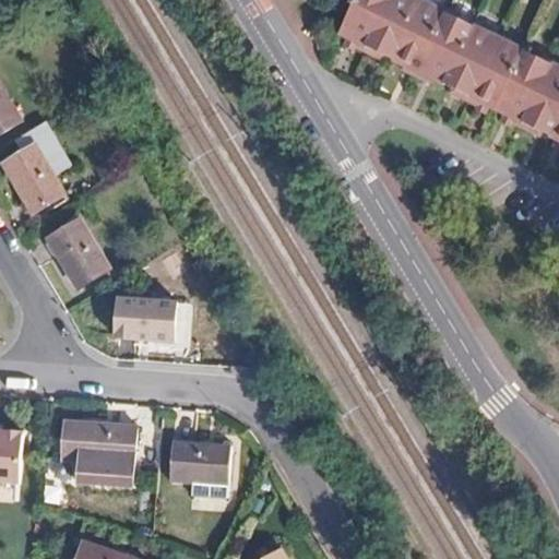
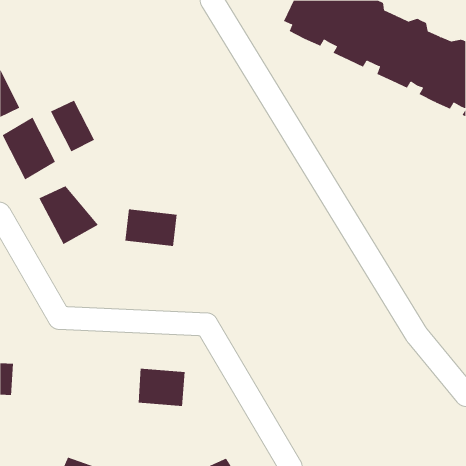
building: none -> [50,100,95,152]
building: [109,294,173,338] -> [125,209,178,246]
building: [66,417,141,483] -> none

